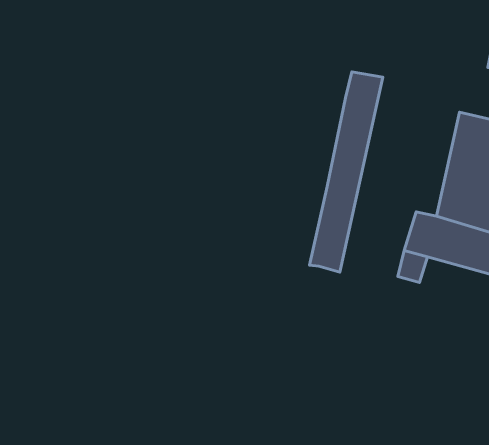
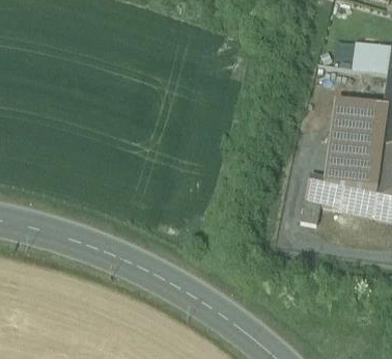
building: [310,72,383,272] -> none

